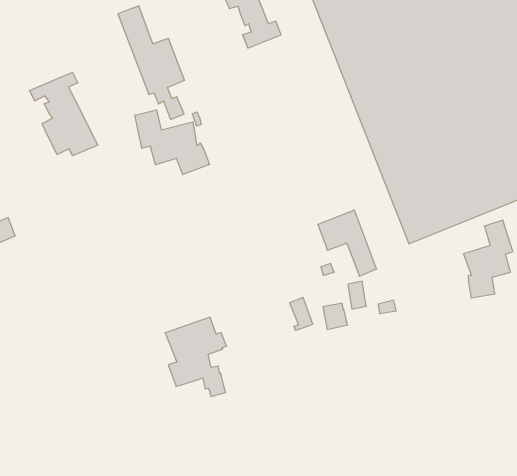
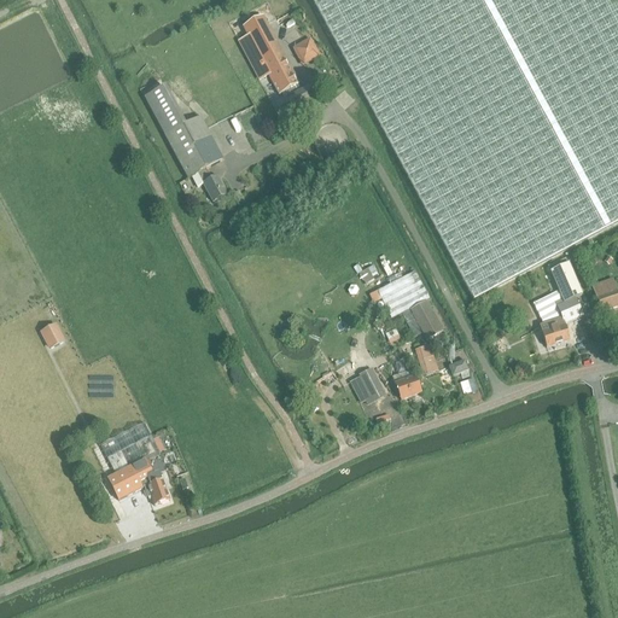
building: [30,72,98,156] -> none
building: [135,110,209,175] -> none
building: [165,317,227,397] -> [100,420,170,502]

